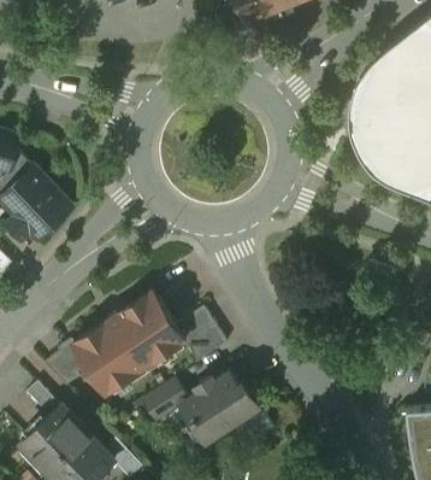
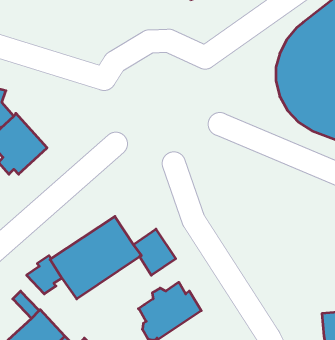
building: [143,379,189,423] -> none

